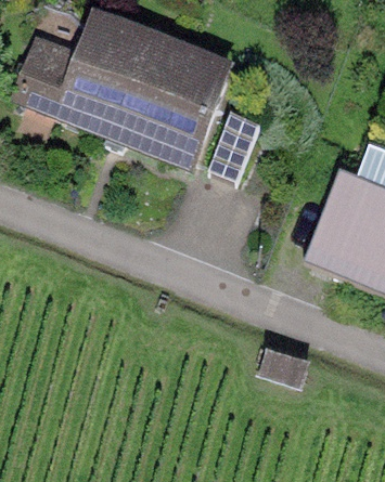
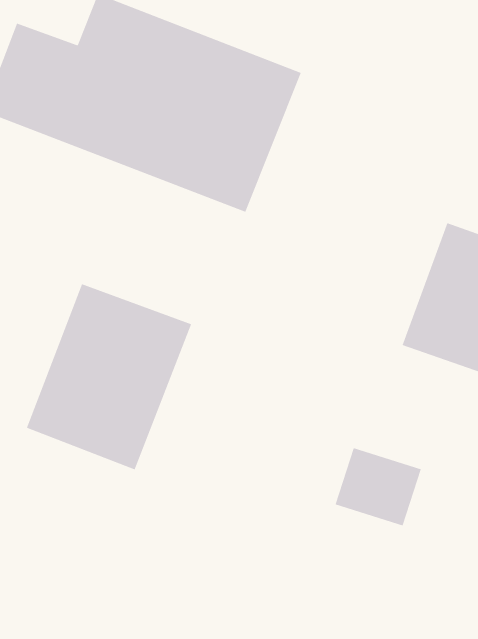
building: none -> [26,283,192,470]

